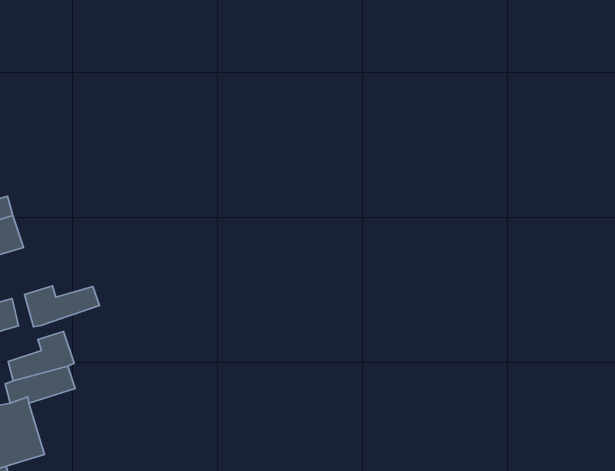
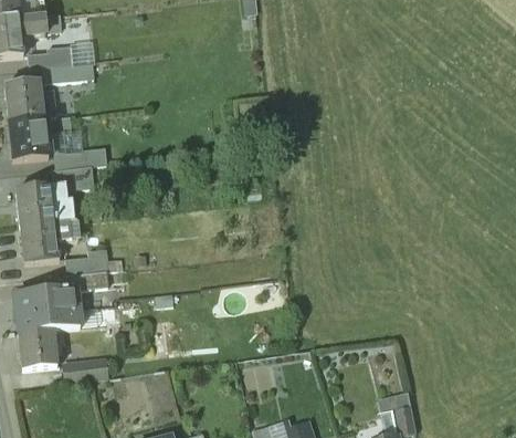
building: [25,286,100,327] -> none

